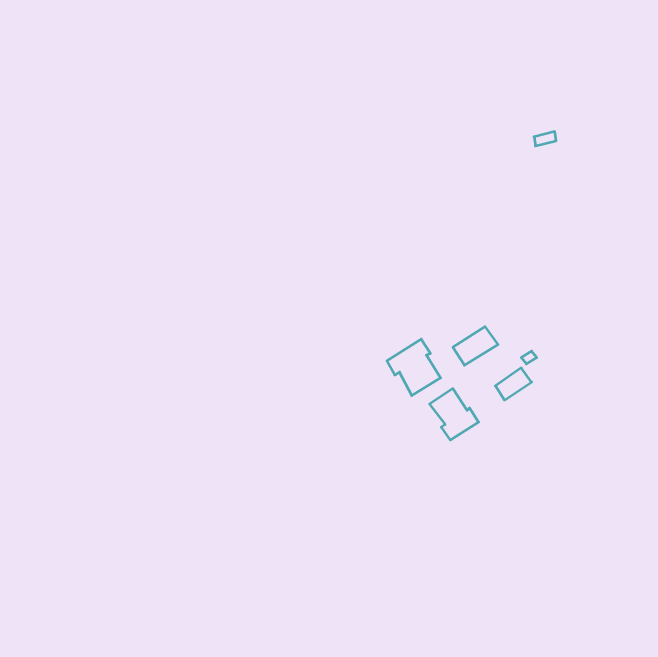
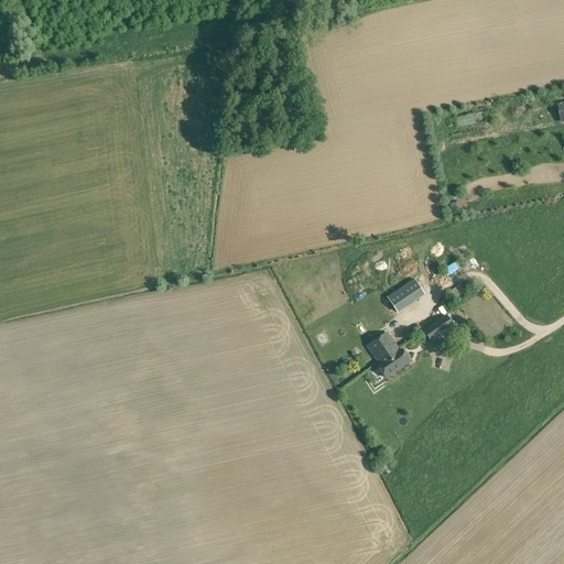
building: [387,339,441,396] -> none

